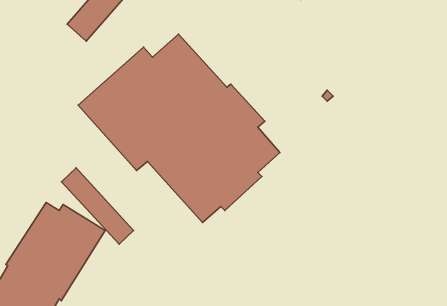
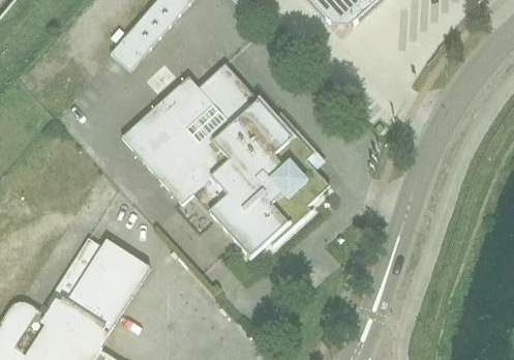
building: [62,168,134,244] -> none

